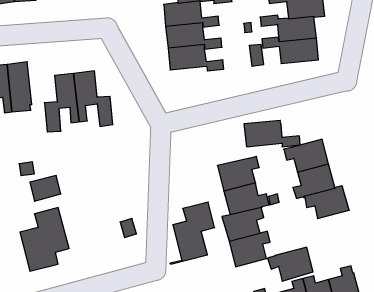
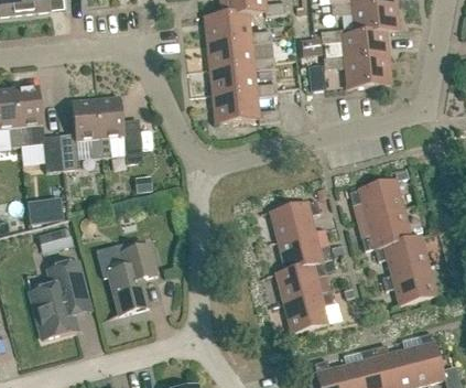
building: none -> [42,134,63,172]
building: [244,120,300,147] -> [212,90,280,122]
building: [170,202,215,264] -> [104,244,158,319]
building: [268,247,313,281] -> [381,265,436,305]

